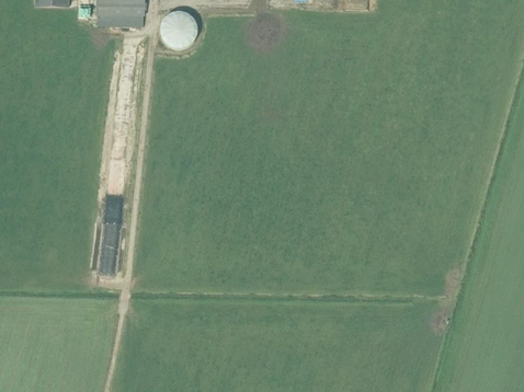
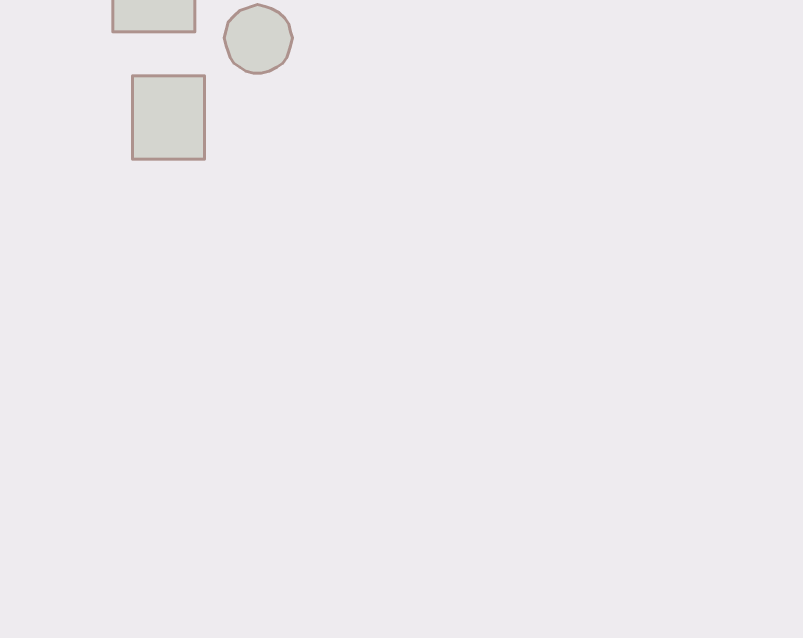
building: none -> [132,76,205,159]

